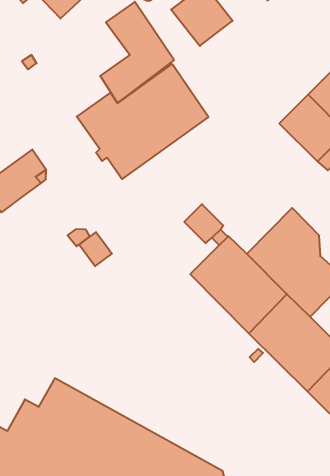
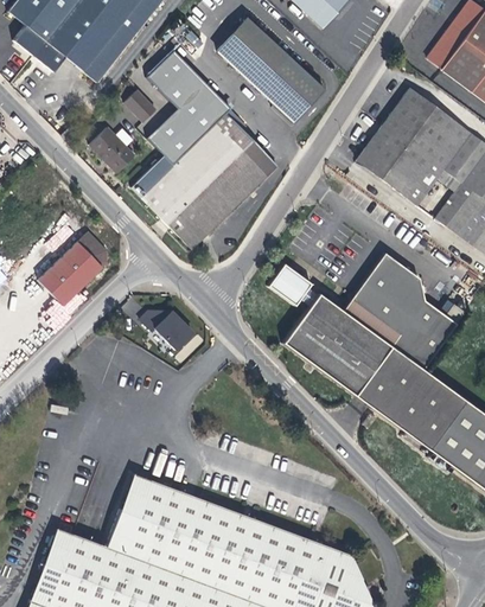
building: none -> [256,56,325,123]
building: none -> [125,90,157,122]
building: none -> [90,128,135,173]
building: none -> [121,474,151,515]

